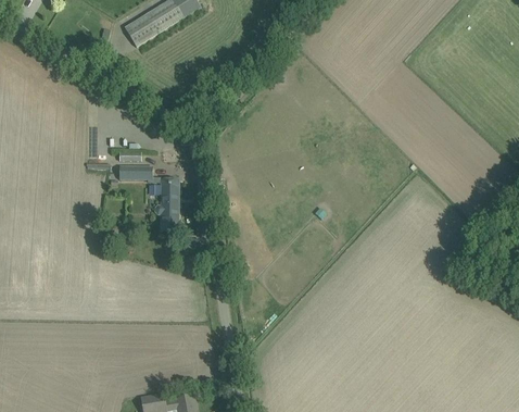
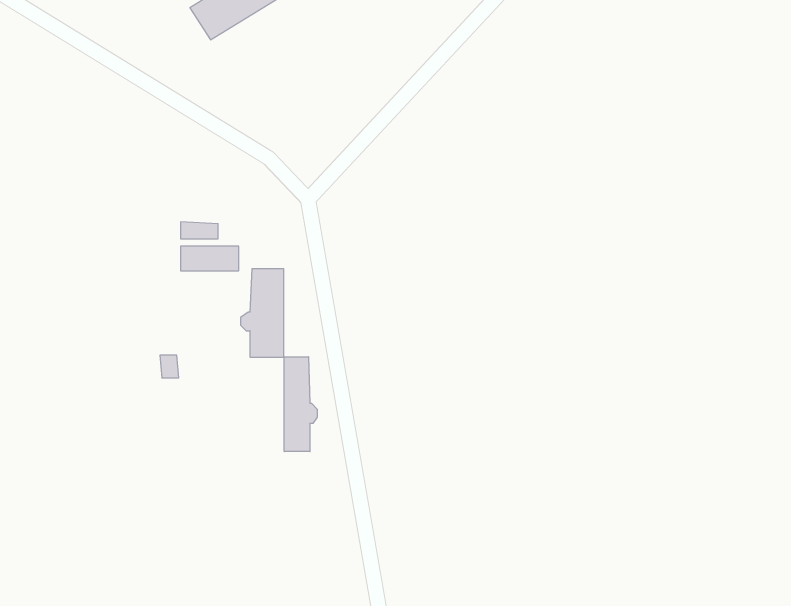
building: none -> [284,357,317,452]

